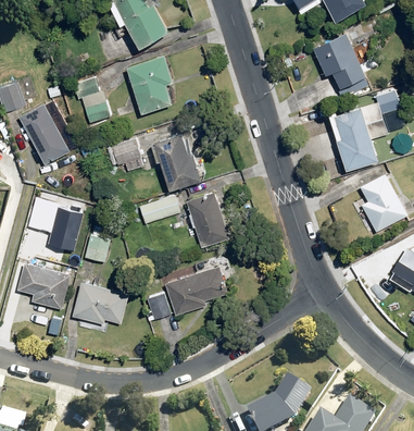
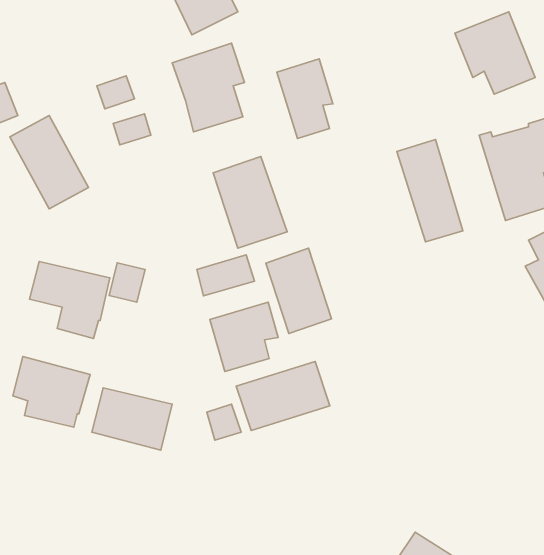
building: none -> [277,59,333,139]
building: none -> [397,140,463,242]
building: [110,137,142,168] -> none
building: none -> [210,302,278,371]
building: [86,233,110,259] -> [109,263,145,302]

